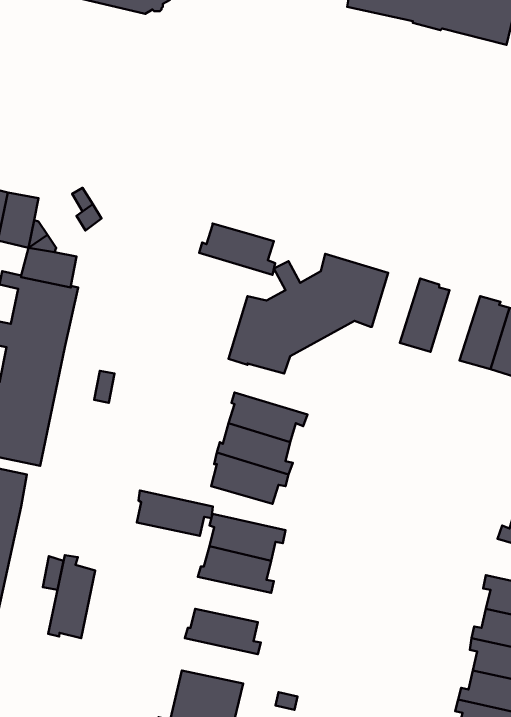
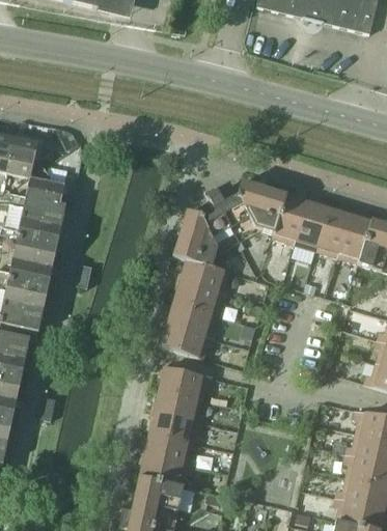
building: [199,224,275,275] -> [176,258,230,295]
building: none -> [272,193,308,244]
building: none -> [315,206,351,256]
building: [137,490,213,536] -> [148,410,202,442]
building: [48,555,95,638] -> none
building: none -> [139,453,193,485]

